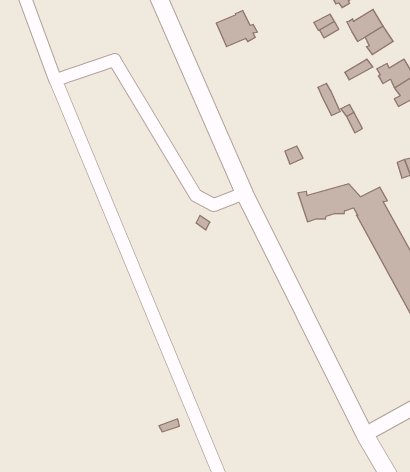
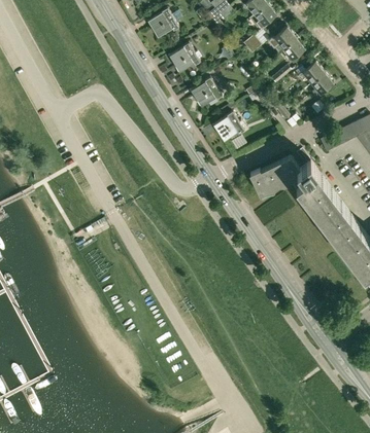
building: none -> [191,77,222,106]
building: none -> [213,112,244,143]

